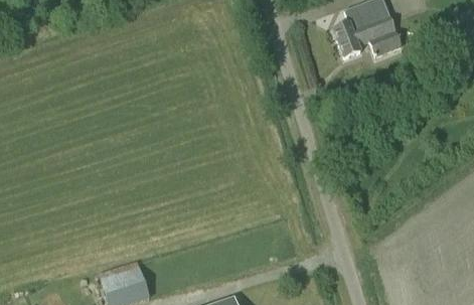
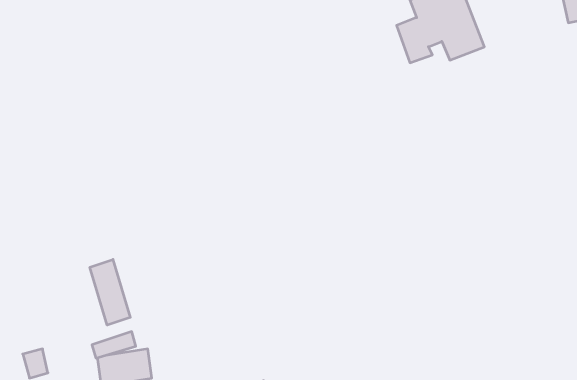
building: none -> [90,259,130,325]

